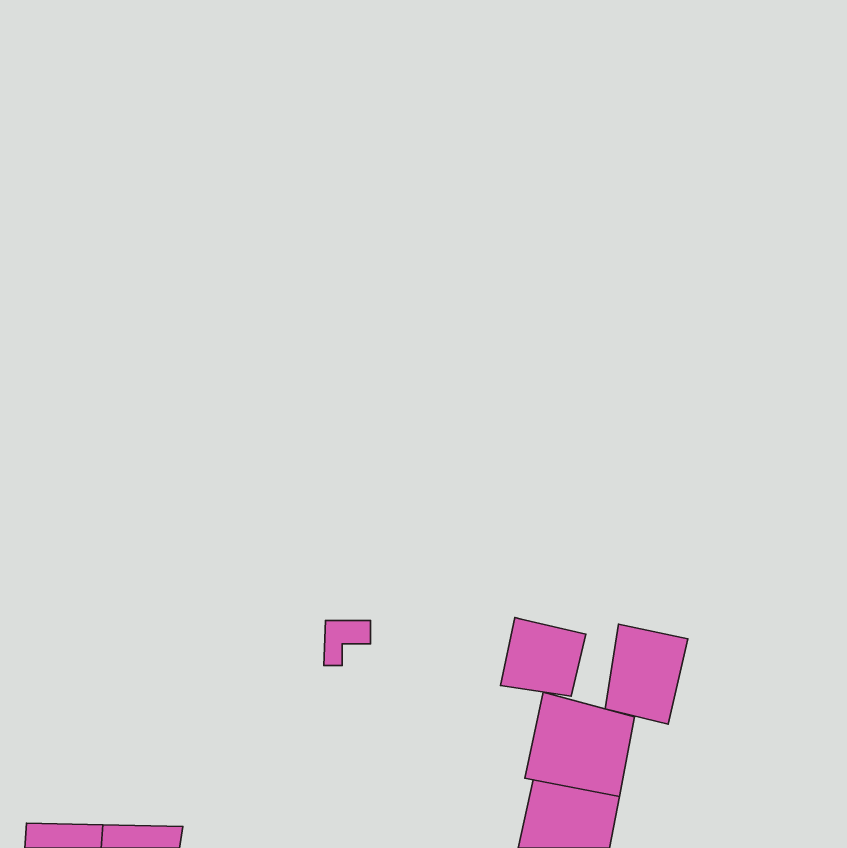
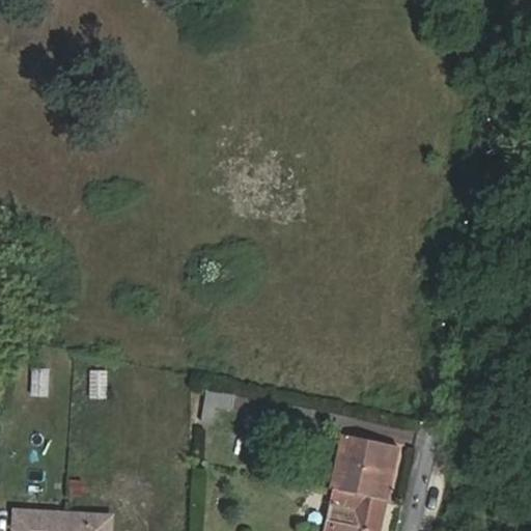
building: [500,618,586,696] -> none
building: [605,624,688,724] -> none

